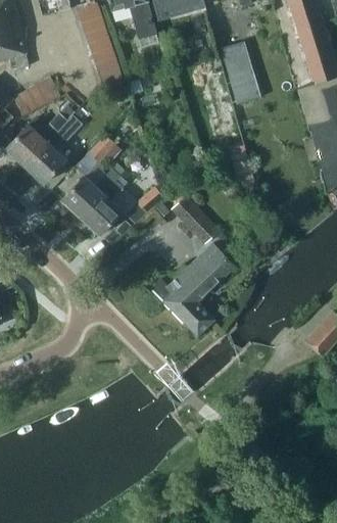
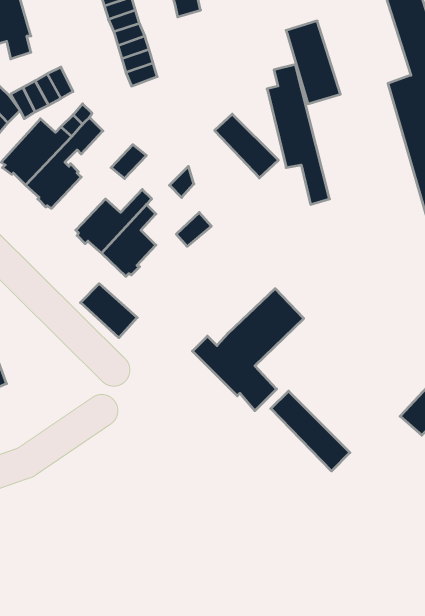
building: [172,196,220,244] -> [215,114,278,178]
building: none -> [80,284,137,338]
building: none -> [271,391,350,471]

